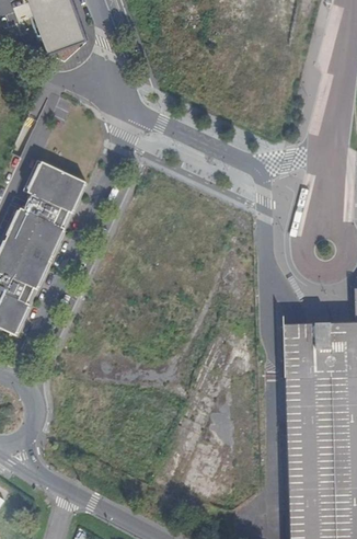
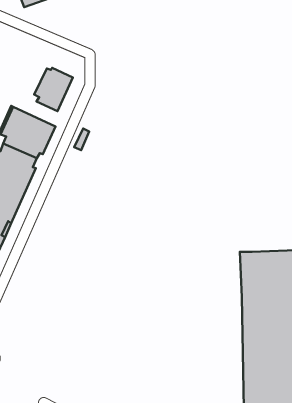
building: none -> [34,68,73,111]

